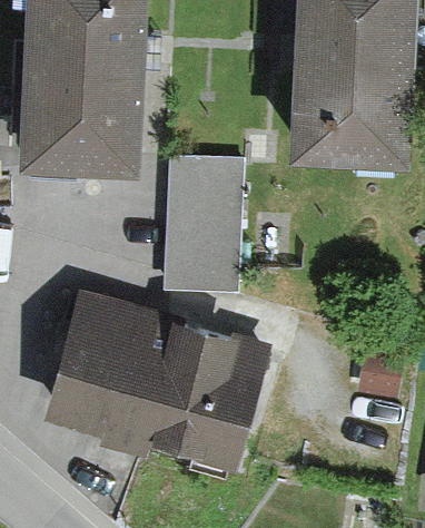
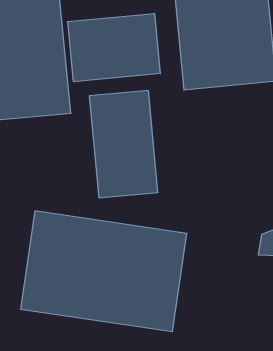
building: none -> [68,13,160,82]

